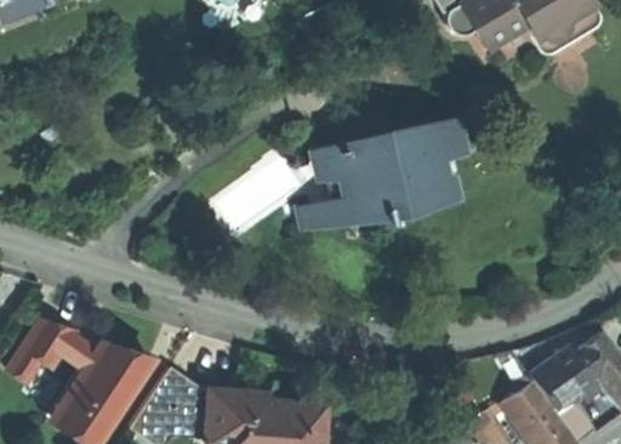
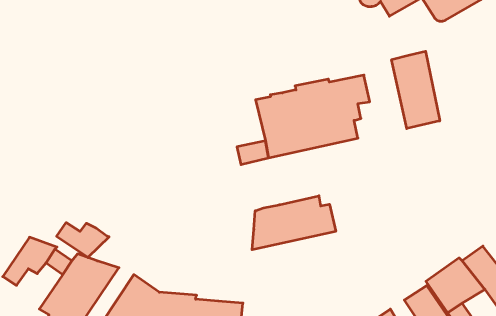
building: none -> [392,51,440,129]
building: none -> [252,196,336,250]
building: none -> [57,223,109,258]

